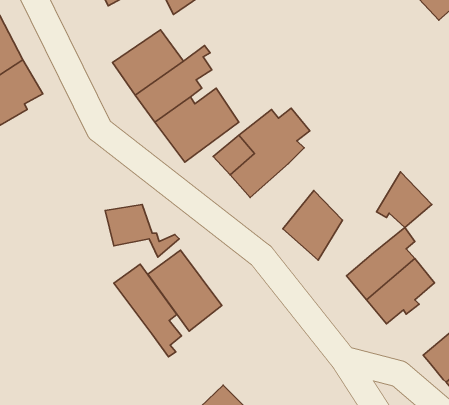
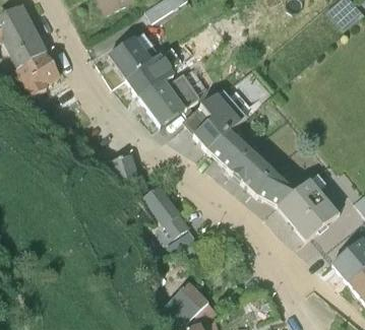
building: none -> [207,127,253,174]
building: [376,172,432,227] -> [256,168,296,207]
building: [114,264,182,357] -> none

